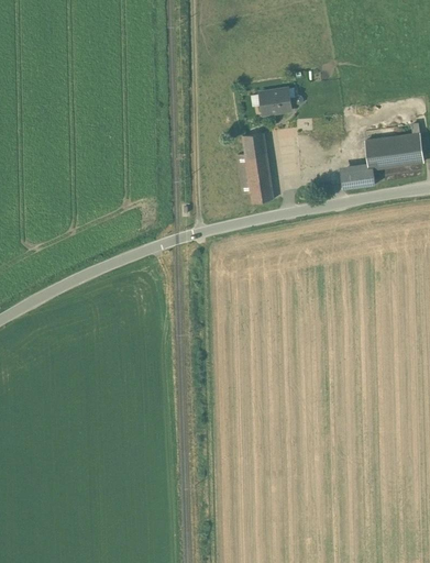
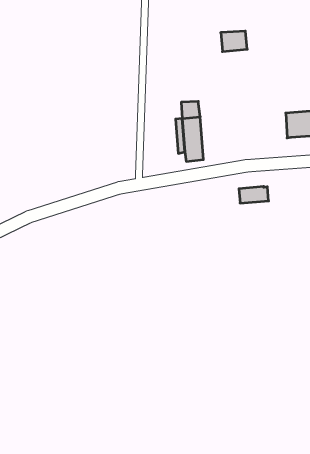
building: [260,89,291,114] -> [221,31,247,52]
building: [340,168,375,189] -> [239,186,269,203]

